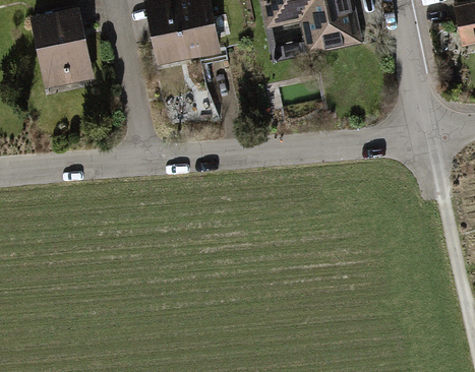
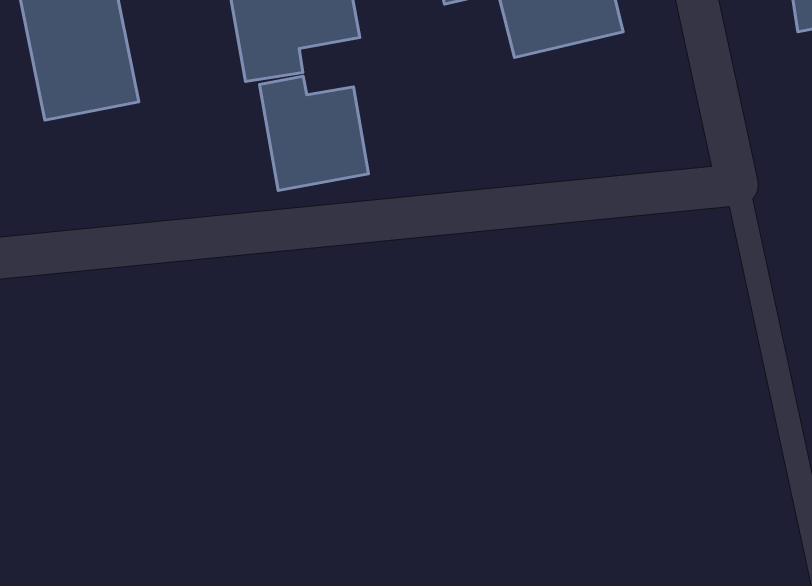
building: none -> [259,76,369,190]

